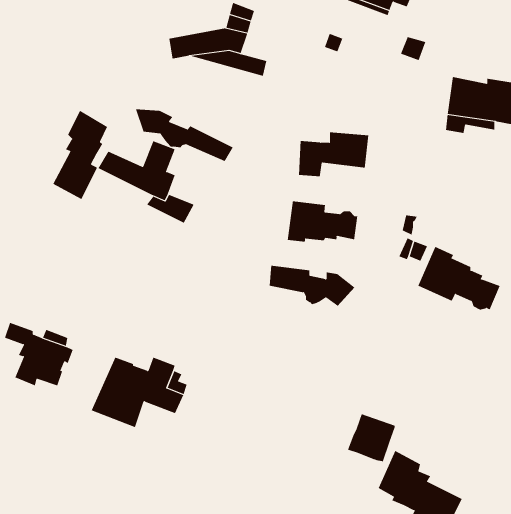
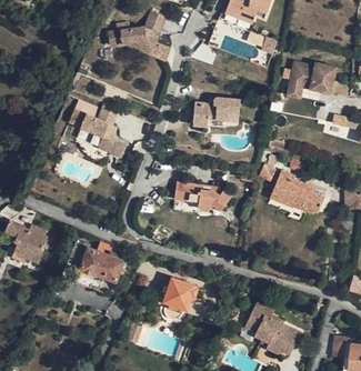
building: [135,109,234,162] -> none
building: [52,110,108,200] -> none
building: [287,200,358,243] -> none
building: [347,413,396,462] -> [162,278,193,309]

